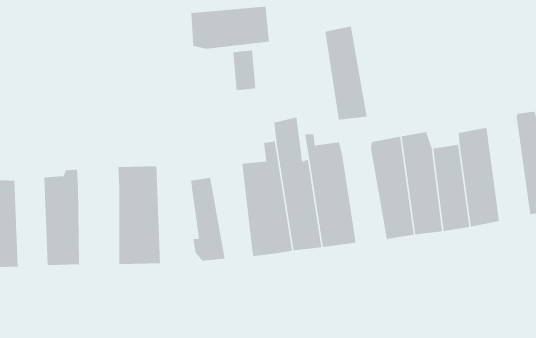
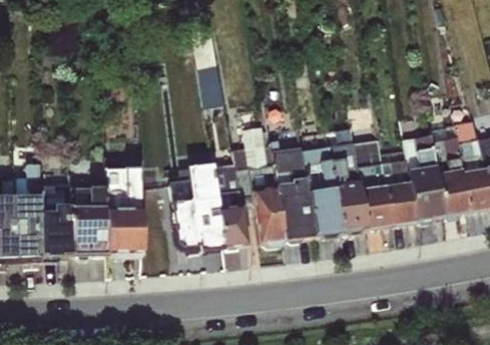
building: [191,6,270,49] -> none
building: [324,26,368,120] -> [304,152,342,236]
building: none -> [431,124,468,217]
building: none -> [15,161,43,257]
building: none -> [187,161,223,250]
building: none -> [71,188,106,255]

